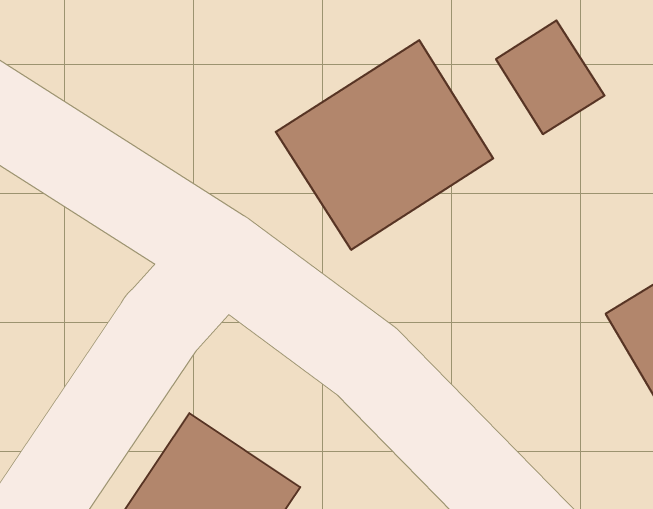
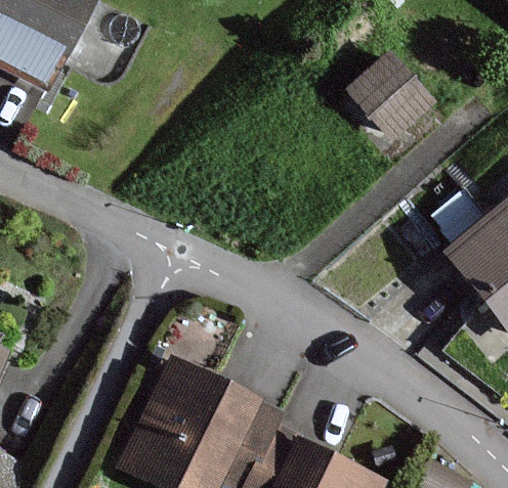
building: [276,40,493,250] -> none

